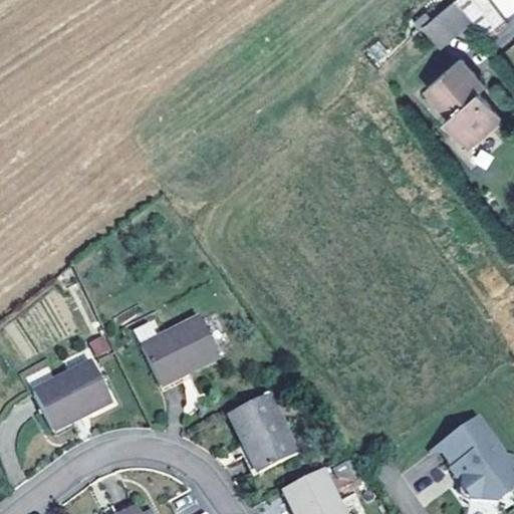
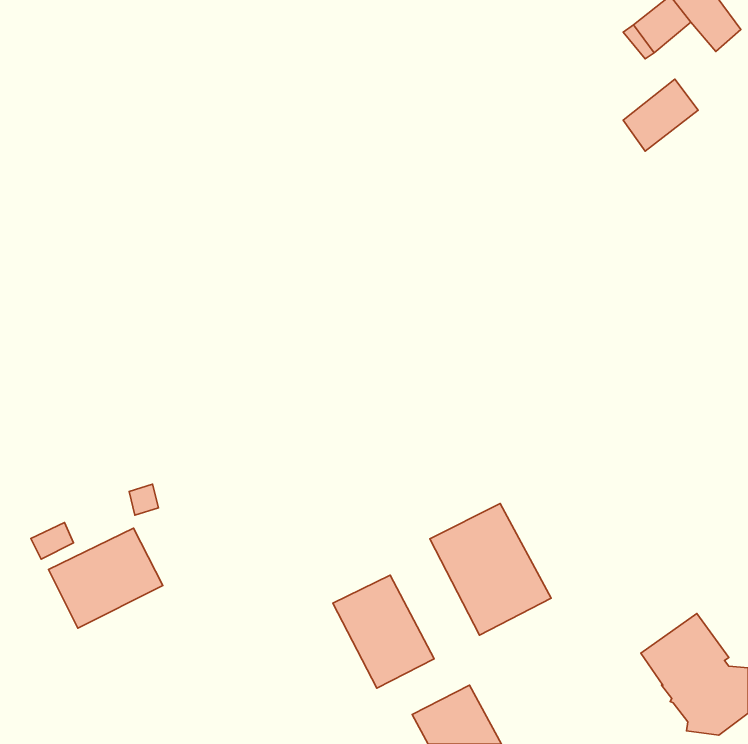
building: [442,75,499,143] -> none
building: [133,316,219,386] -> none
building: none -> [430,503,551,635]

